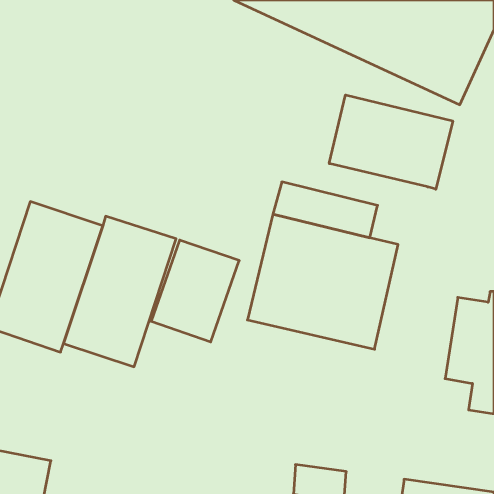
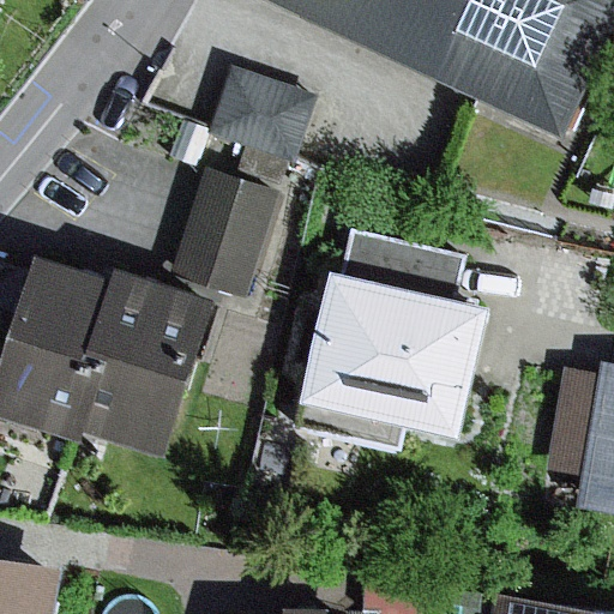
building: none -> [206,71,312,165]
building: [329,95,453,189] -> none
building: [151,240,239,342] -> [170,171,278,296]

